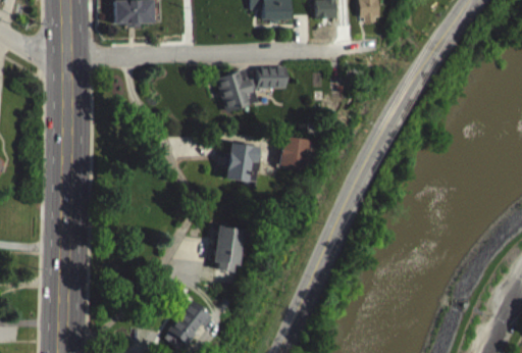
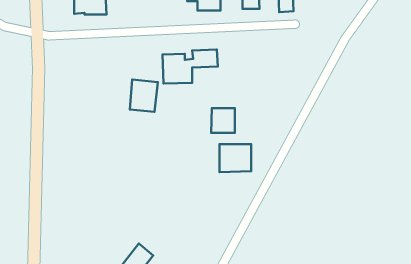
building: [225,143,259,182] -> [130,80,158,112]
building: none -> [220,144,251,172]
building: [213,226,241,272] -> none

